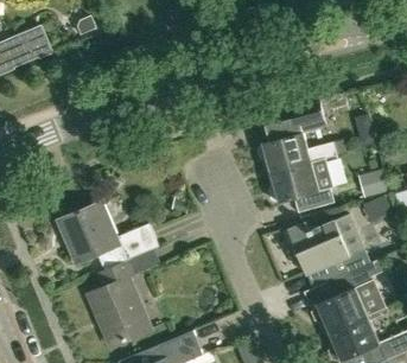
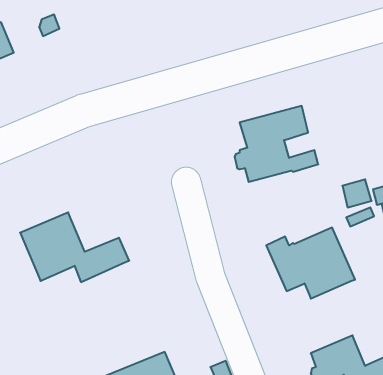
building: [269,161,336,212] -> none
building: [90,262,152,346] -> none
building: [313,265,386,332] -> none

